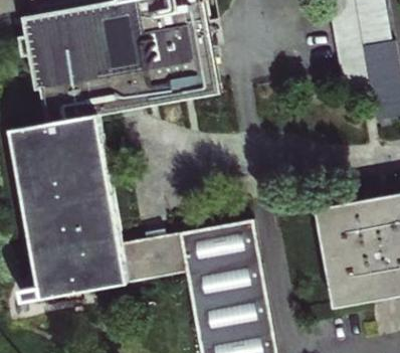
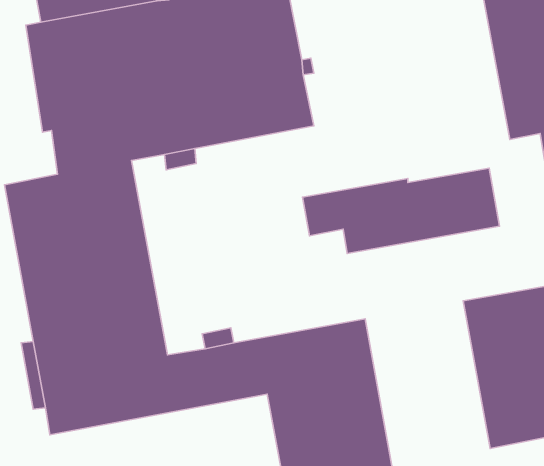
building: none -> [302,168,500,254]

